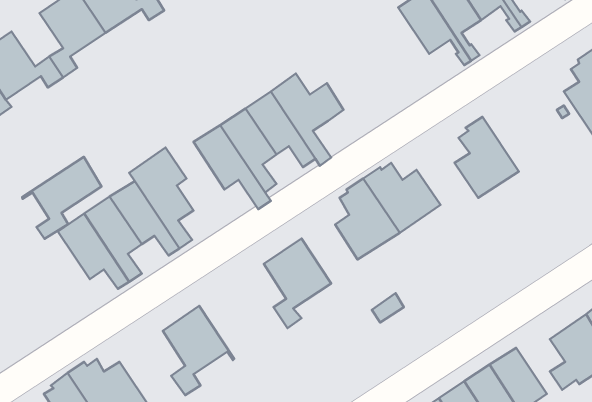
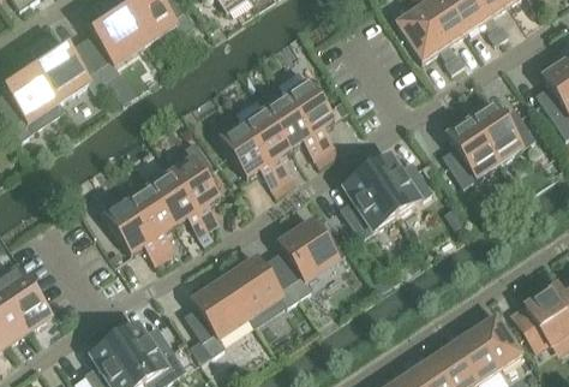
building: none -> [467,103,534,162]
building: [22,157,102,239] -> none
building: none -> [224,257,300,323]

